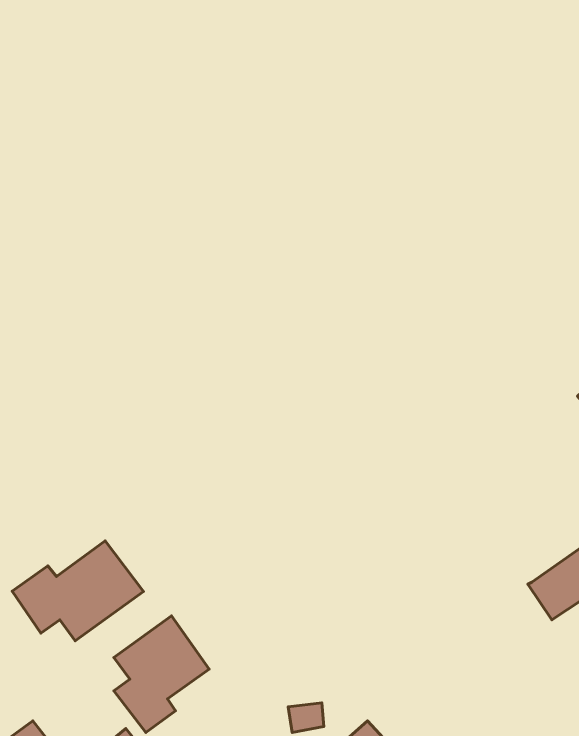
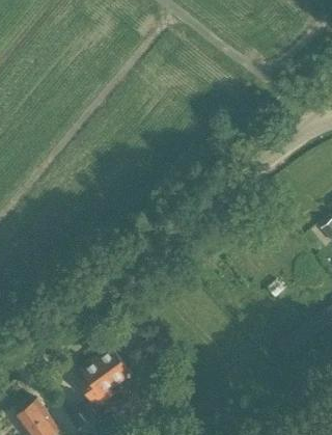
building: [12,541,143,641] -> none

